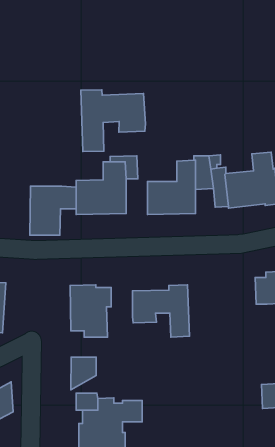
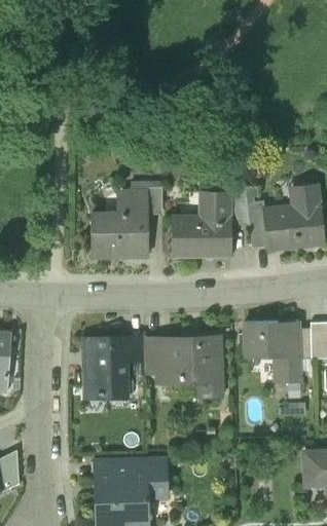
building: [81,90,145,151] -> none
building: [30,186,76,235] -> none
building: none -> [245,321,300,382]
building: none -> [130,335,156,373]
building: [71,357,96,390] -> none

